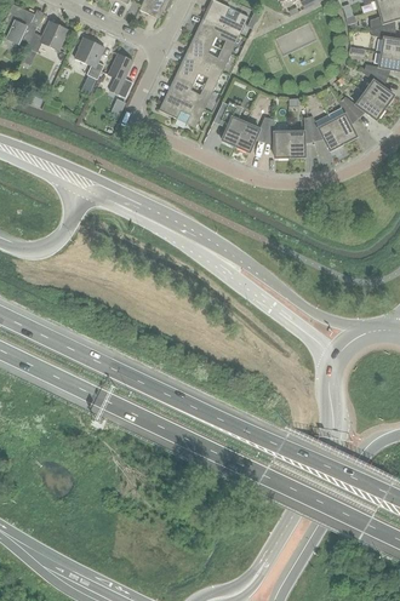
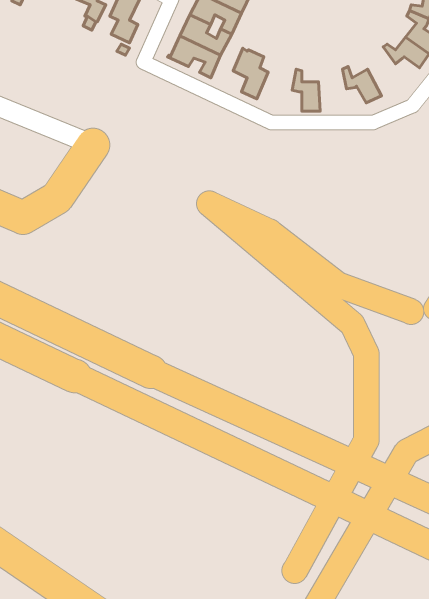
building: [328,101,356,143] -> none
building: [235,119,269,151] -> none
building: [288,120,313,156] -> none

